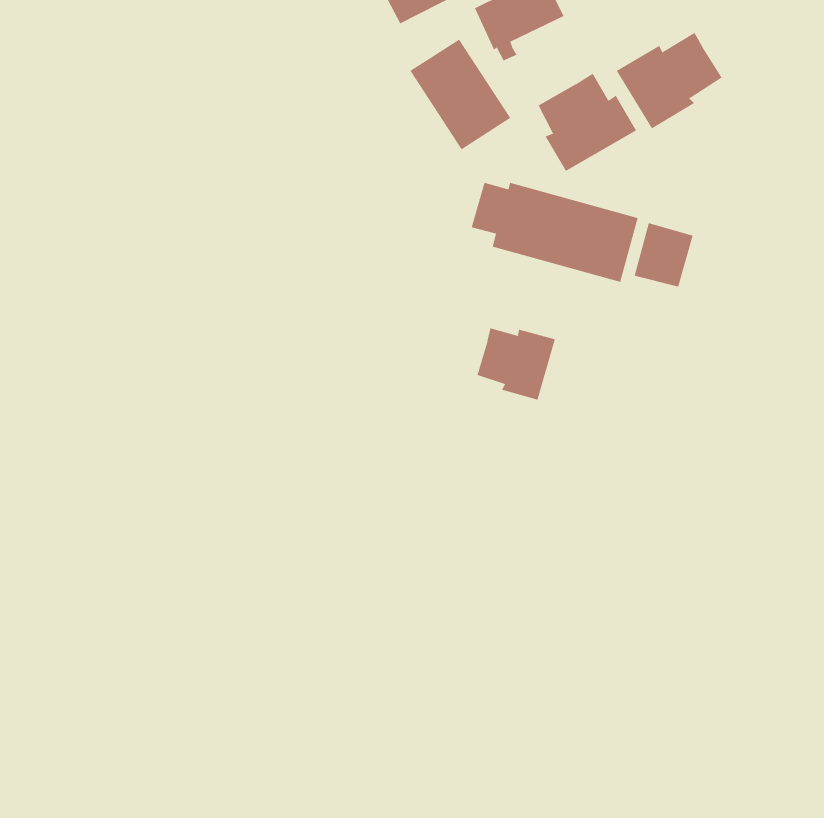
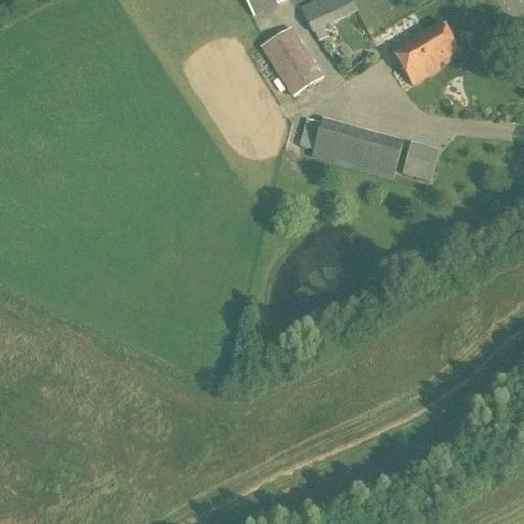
building: [538,73,637,172] -> none
building: [477,328,556,400] -> none

